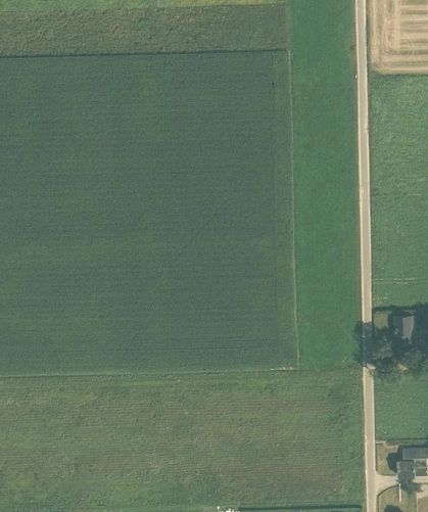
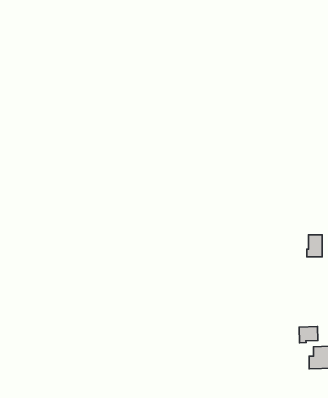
building: none -> [299,327,318,343]

